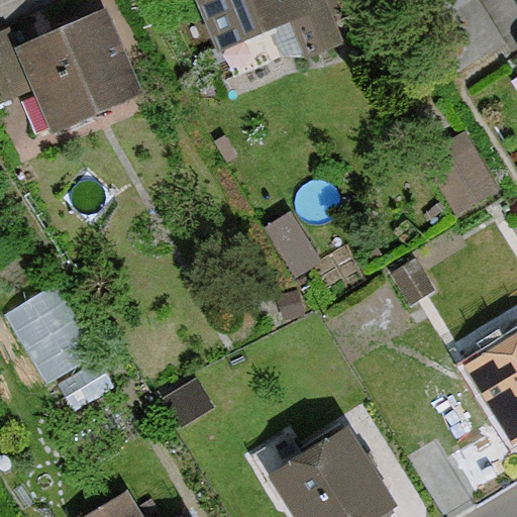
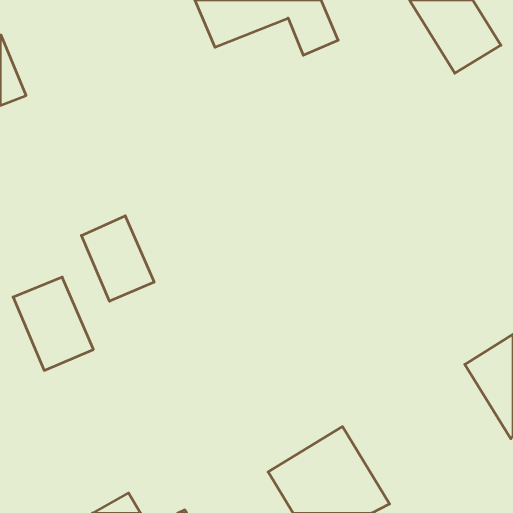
building: [16,11,140,131] -> none
building: none -> [81,216,154,301]

